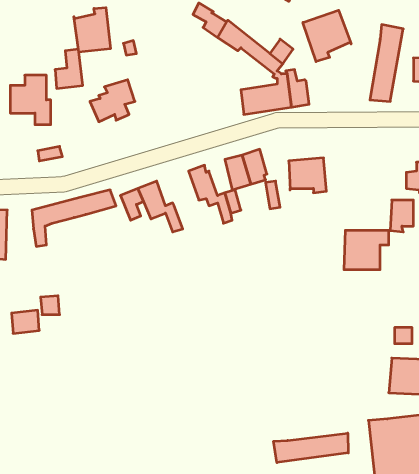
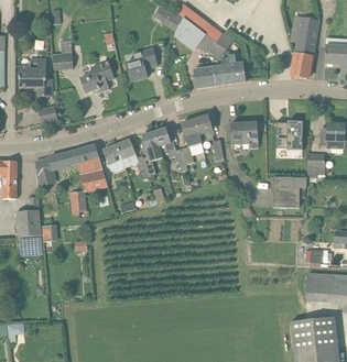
building: [74,8,110,52] -> none
building: [303,10,351,62] -> none
building: none -> [126,48,158,81]
building: none -> [275,121,302,149]
building: none -> [141,131,163,175]
building: none -> [71,171,108,216]
building: none -> [15,197,41,237]
building: [274,433,348,463] -> none

